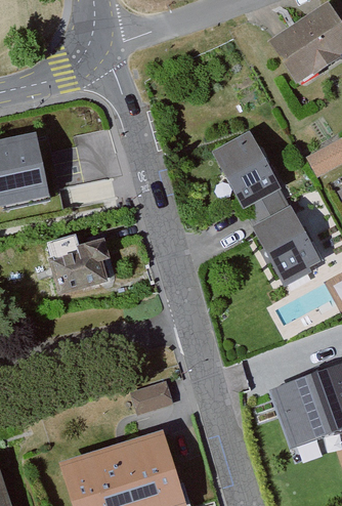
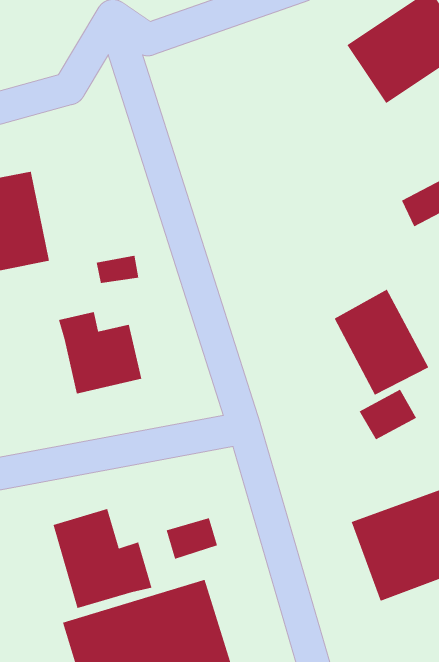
building: [221,142,288,220] -> none
building: none -> [359,389,417,440]
building: none -> [53,508,152,609]

